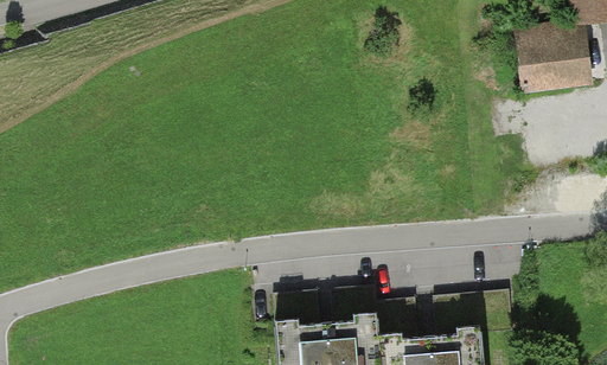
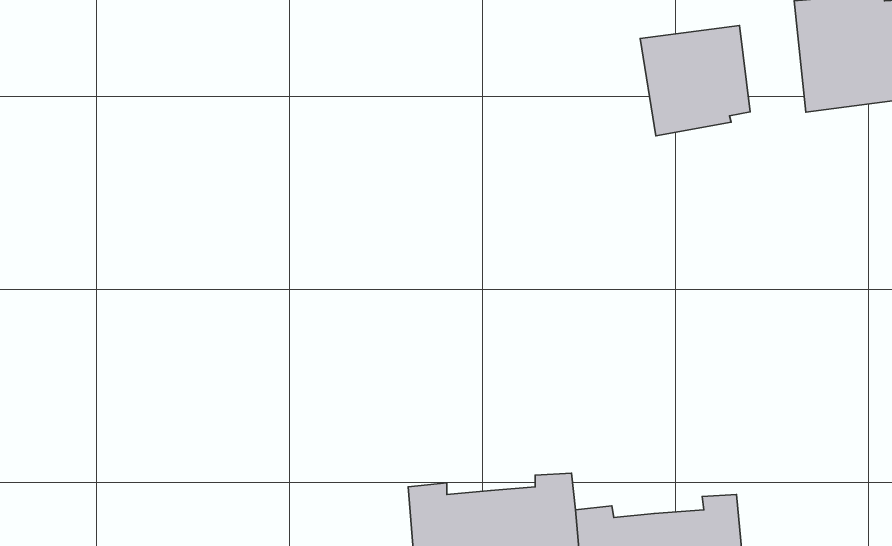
building: none -> [640,26,750,136]

